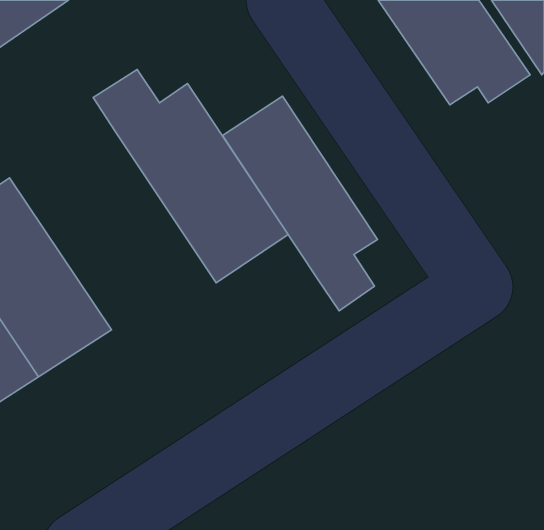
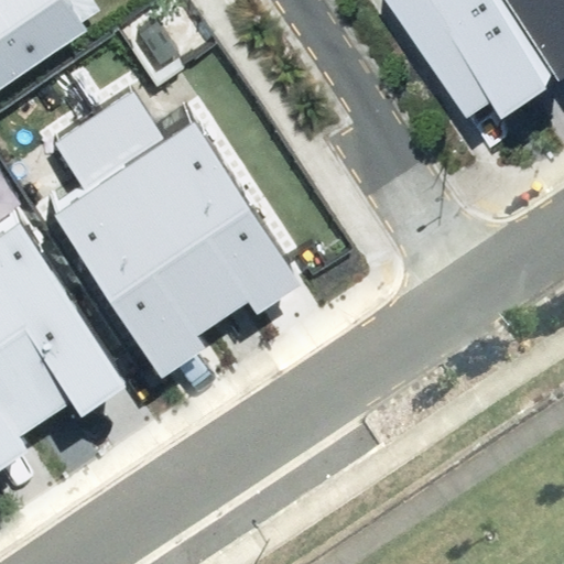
building: [223,96,377,311] -> none
building: none -> [44,118,223,358]

